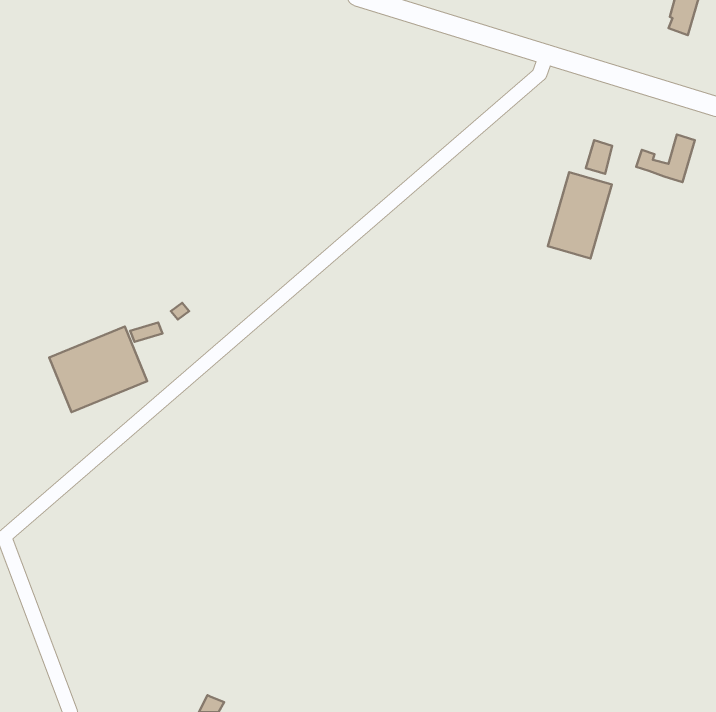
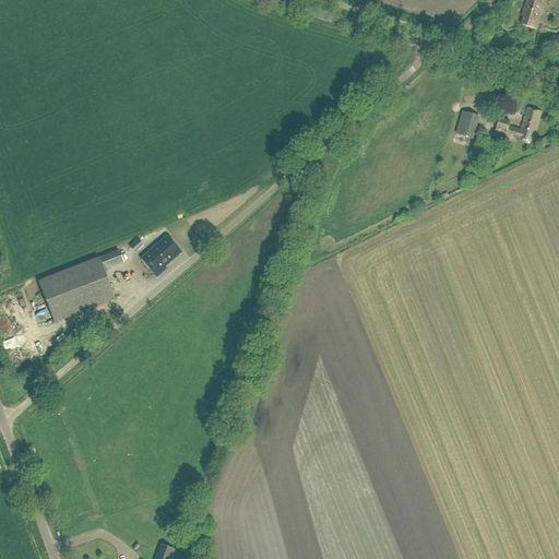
building: [548,172,612,259] -> none
building: none -> [141,234,180,274]

